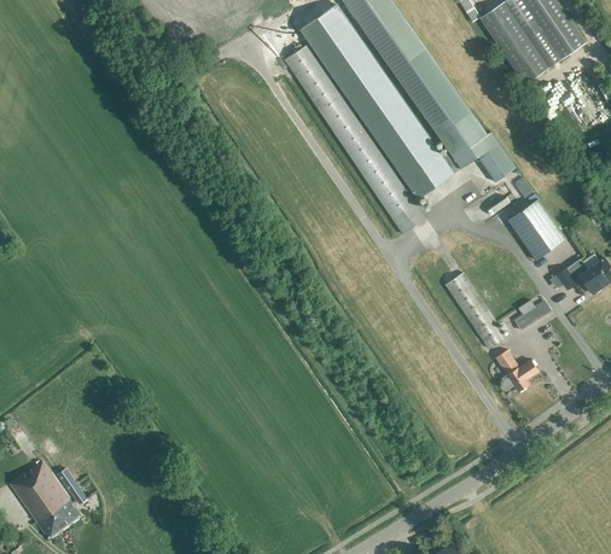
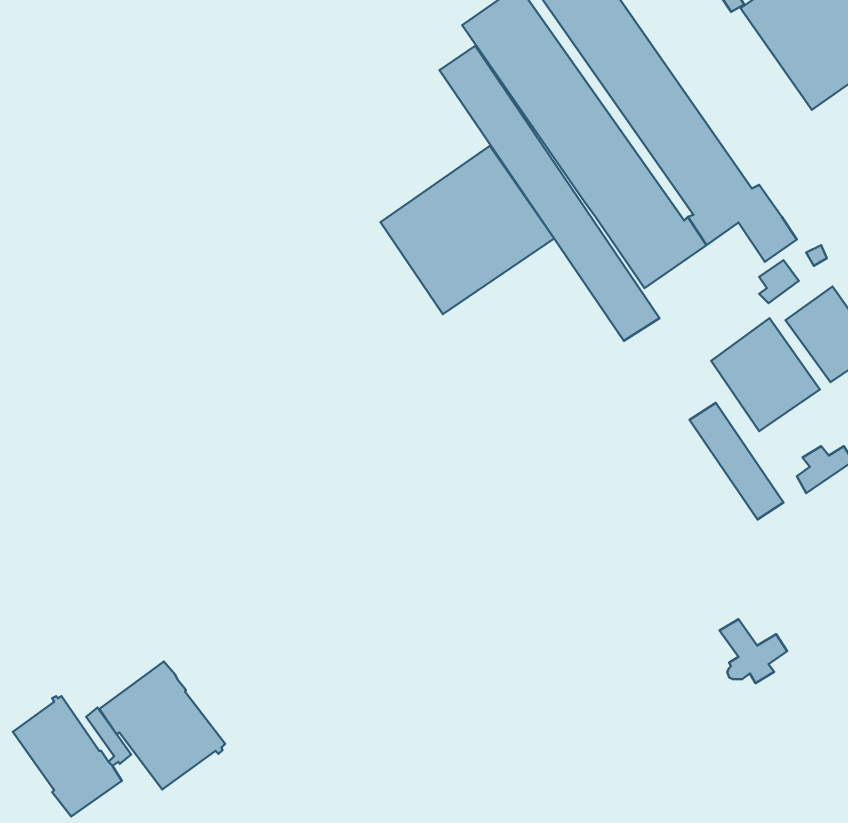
building: none -> [380,146,554,314]
building: none -> [711,318,820,431]
building: [495,350,539,391] -> [720,619,787,683]
building: none -> [100,661,225,789]

